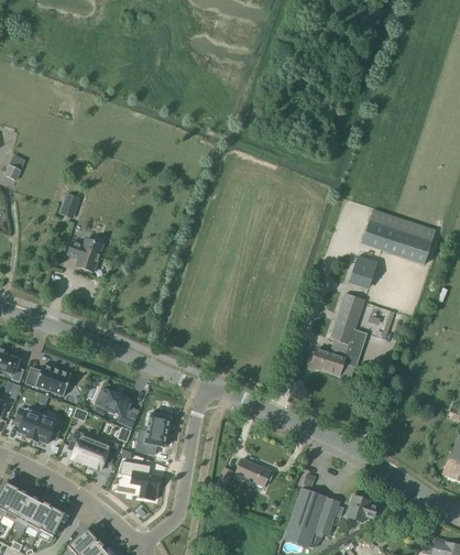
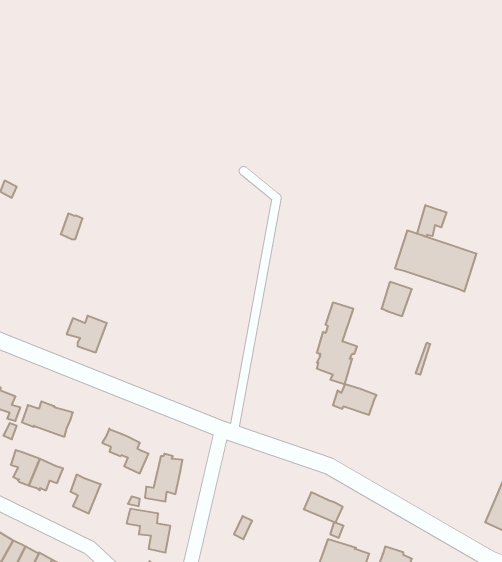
building: none -> [417,205,447,237]
building: [66,238,102,271] -> [67,316,107,352]
building: [330,293,366,367] -> [317,303,357,384]
building: [85,436,118,470] -> none
building: [234,458,270,486] -> [304,492,343,523]

